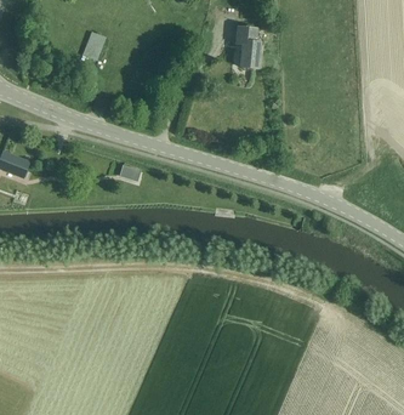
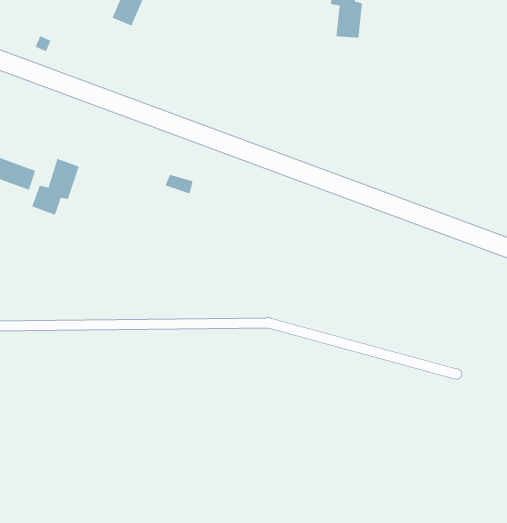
building: none -> [31,158,80,216]

